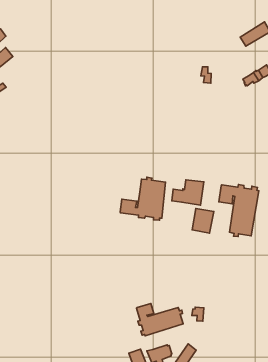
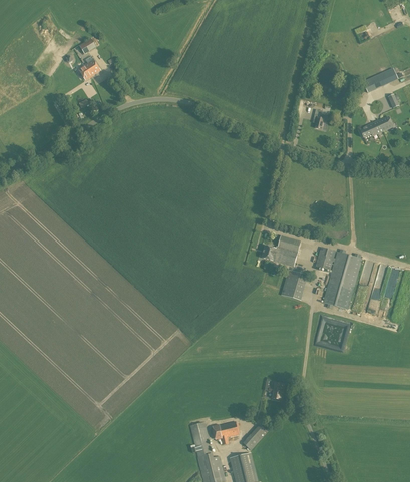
building: [120,177,166,220] -> none
building: [136,303,183,336] -> none

